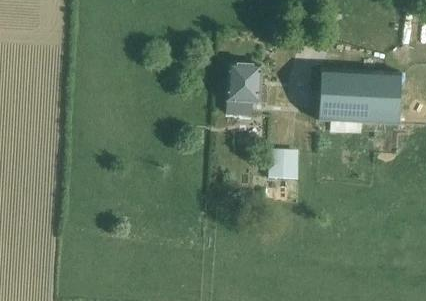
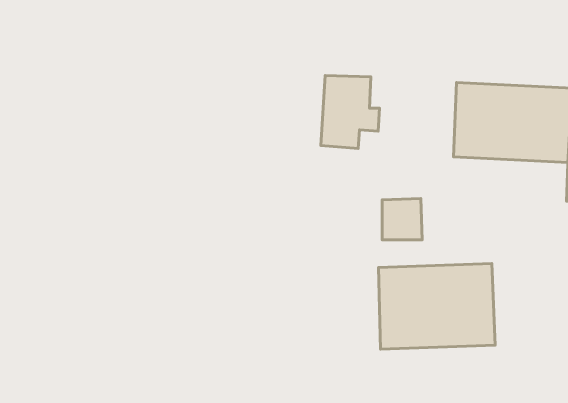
building: none -> [379,263,495,349]

